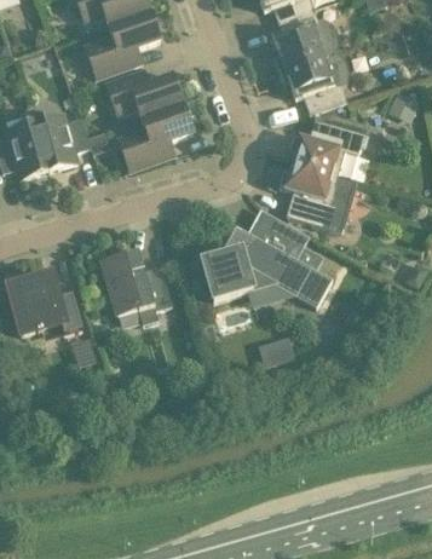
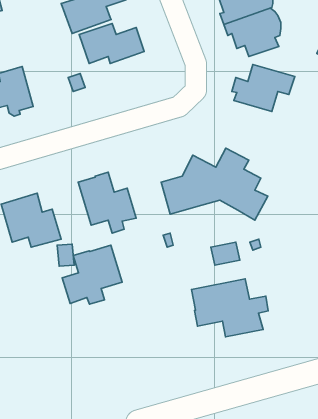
building: [126,103,192,168] -> none
building: [34,113,90,169] -> none
building: [277,162,356,232] -> none
building: none -> [62,245,122,304]
building: none -> [191,279,268,337]

